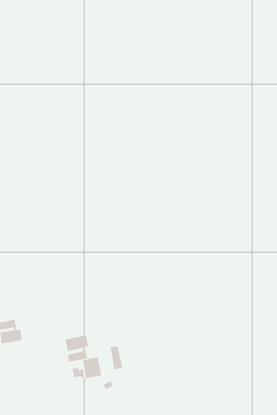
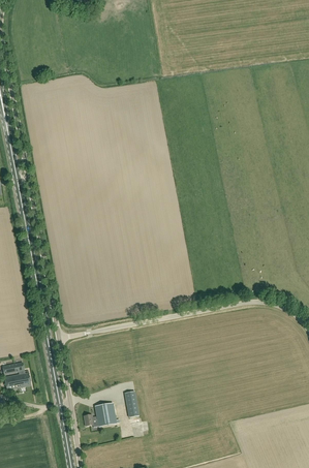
building: [65,334,89,363] -> none

